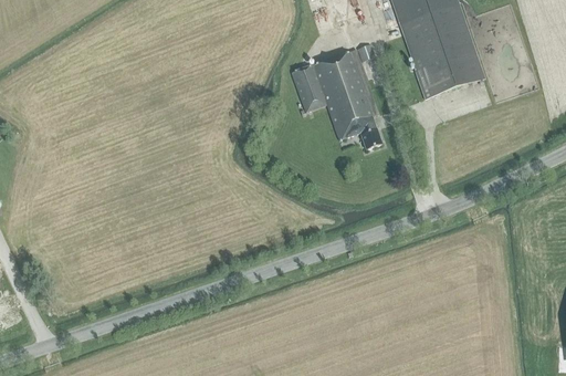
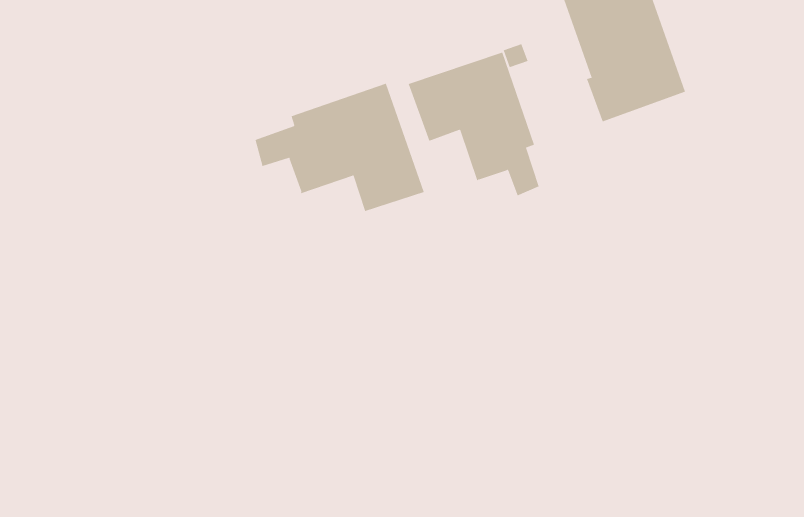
building: none -> [255,83,425,212]

